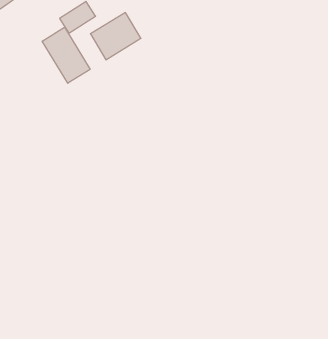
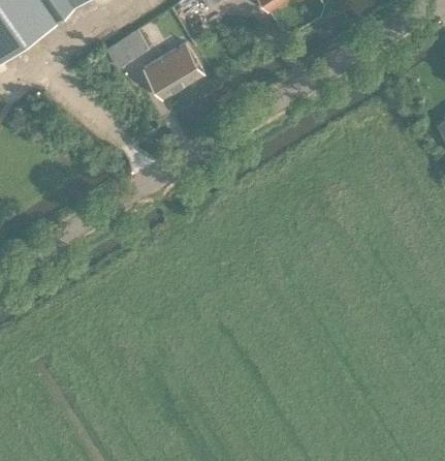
building: [42,27,90,83] -> none

